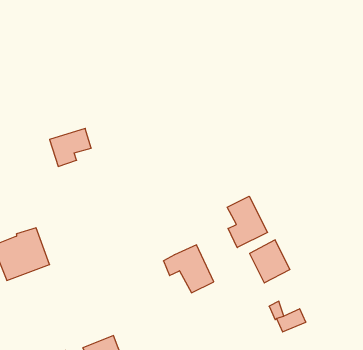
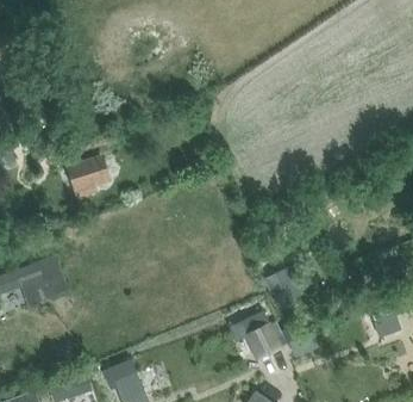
building: [227,196,268,248] -> none
building: [163,245,214,293] -> [230,311,279,358]

